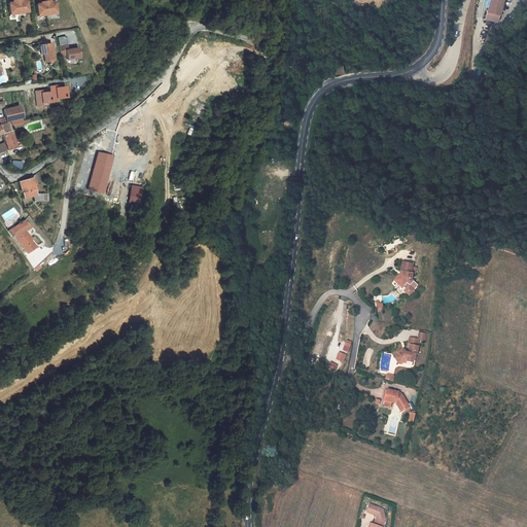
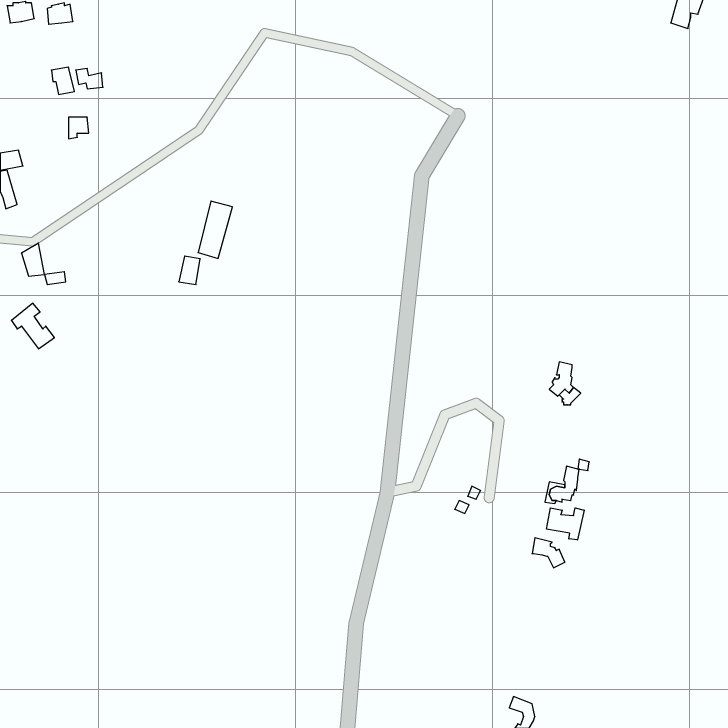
building: [92,150,116,191] -> [198,201,232,258]
building: none -> [547,508,584,540]

